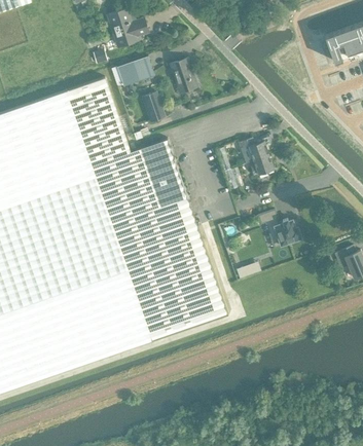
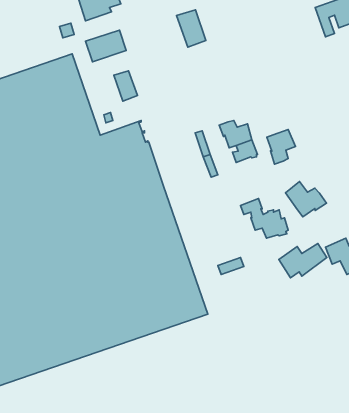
building: [168,60,194,94] -> [176,10,206,47]
building: none -> [267,129,295,164]
building: none -> [286,181,326,217]
building: none -> [279,244,327,278]

